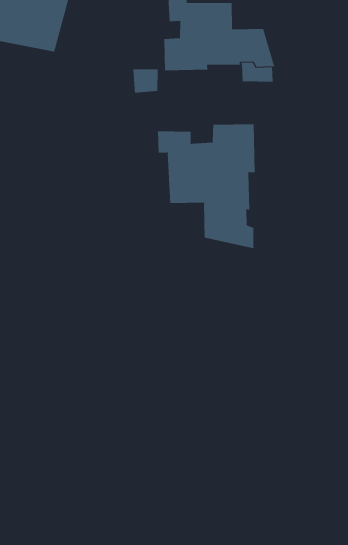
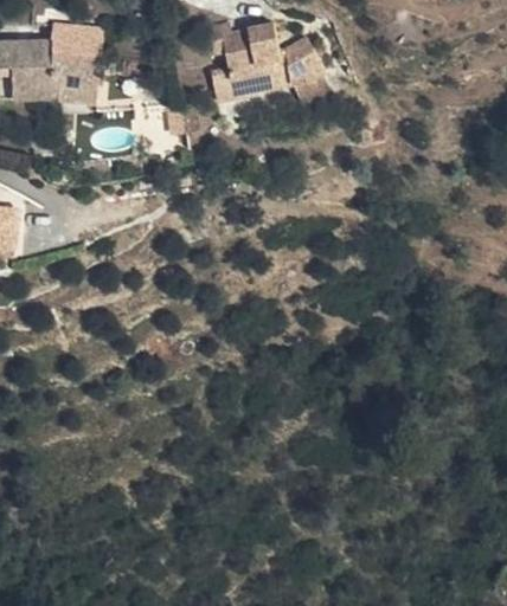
building: [157,123,255,249] -> none

